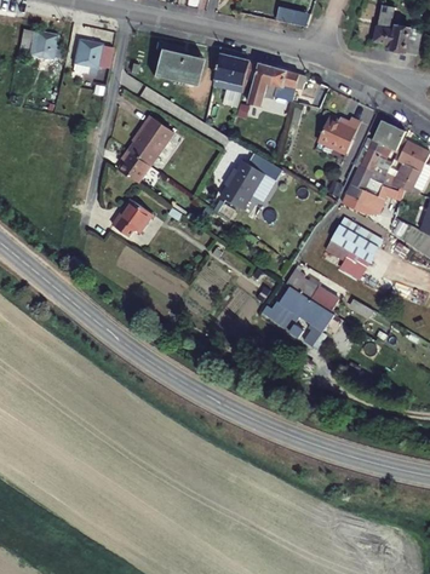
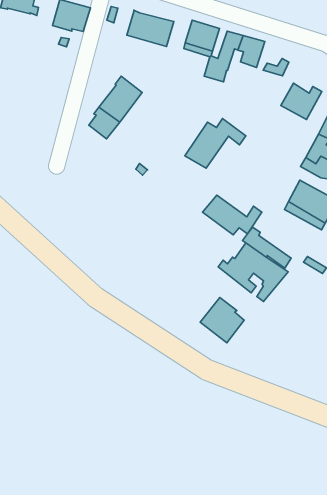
building: [110,199,153,236] -> none
building: none -> [203,195,262,235]
building: none -> [200,297,244,343]

